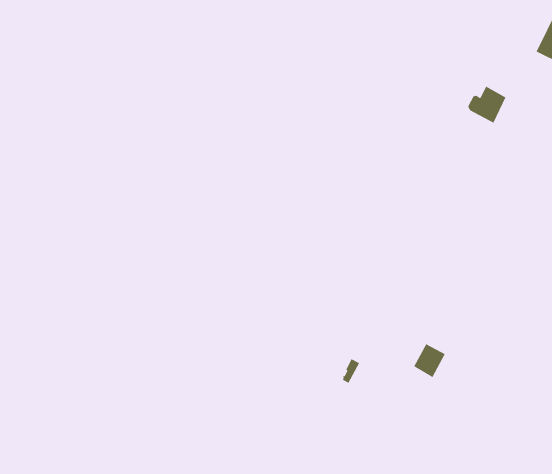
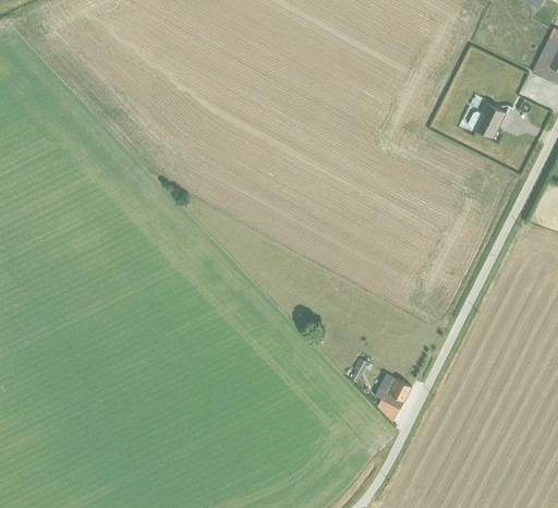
building: [413,343,446,378] -> [379,377,410,410]

